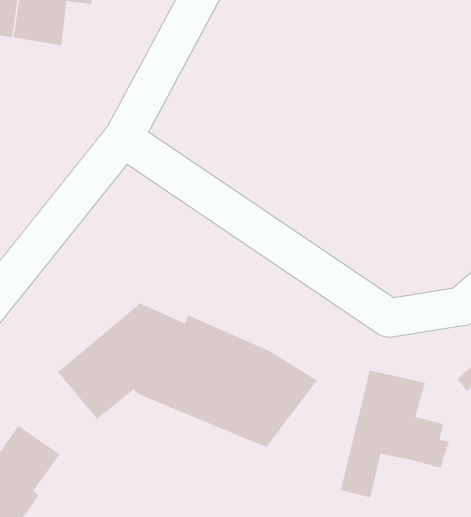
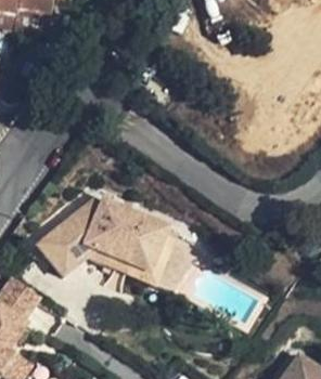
building: [341,370,450,498] -> none

